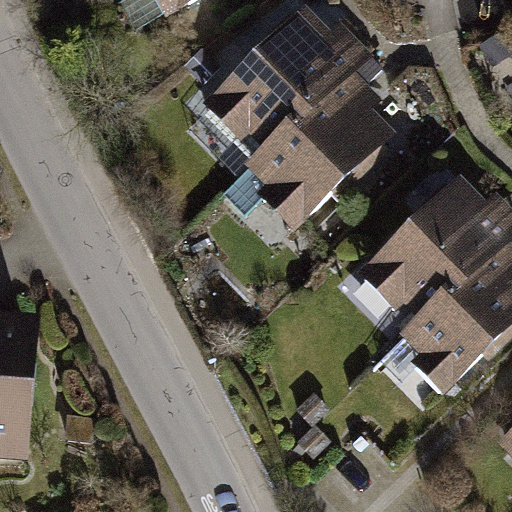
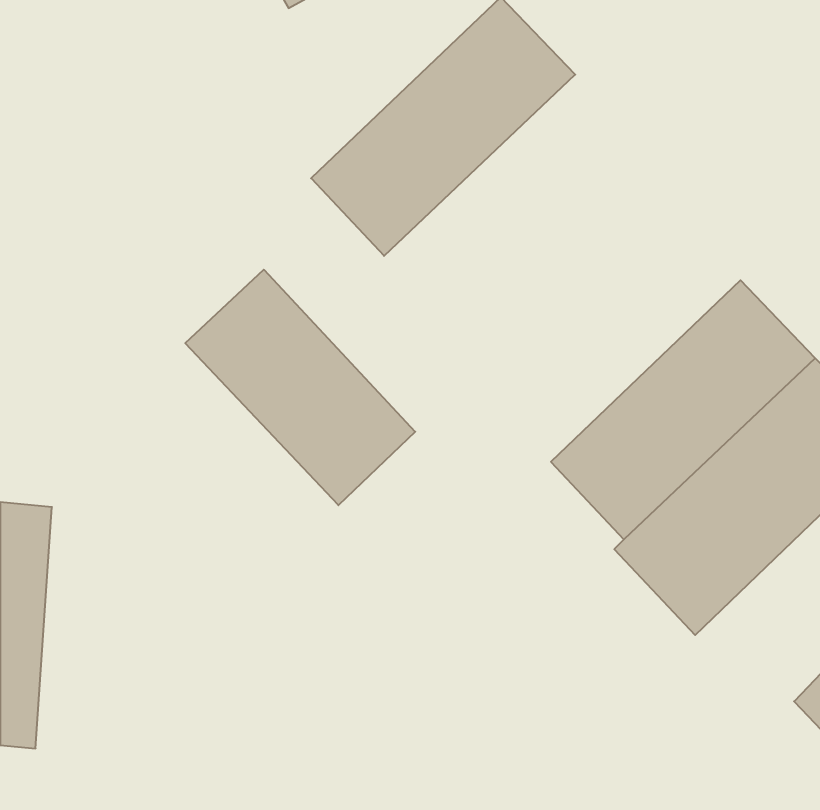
building: [235,46,411,217] -> none
building: none -> [185,270,415,505]

